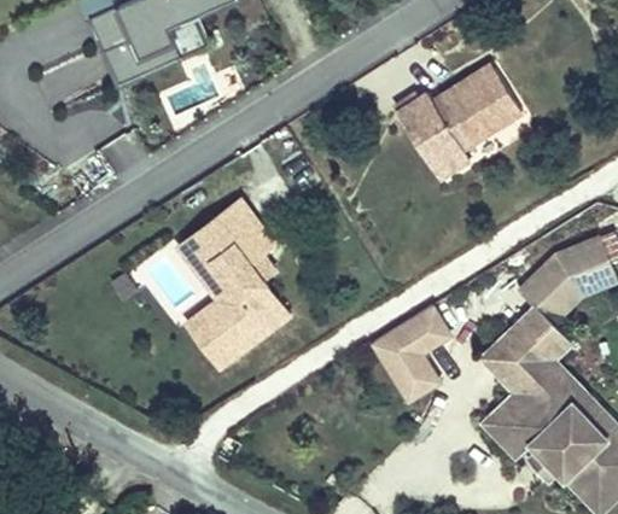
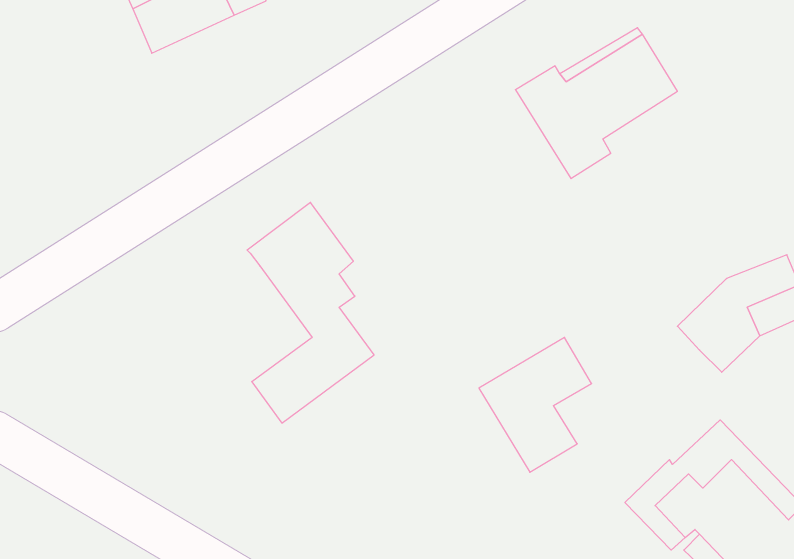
building: [177,233,241,333] -> none
building: [482,309,570,396] -> none

